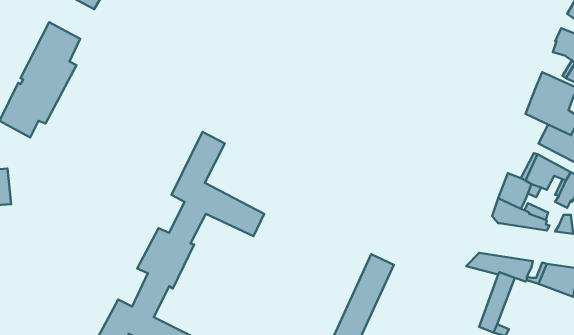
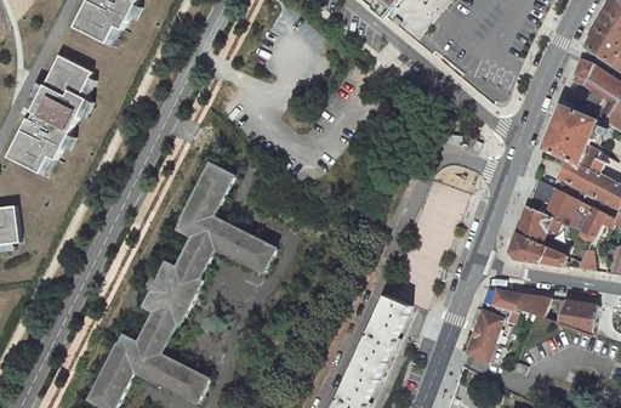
building: none -> [466,311,502,361]

